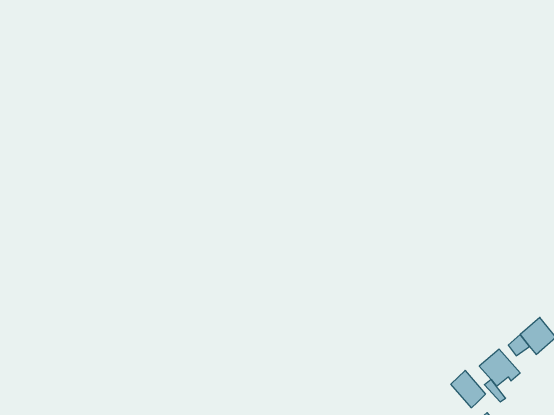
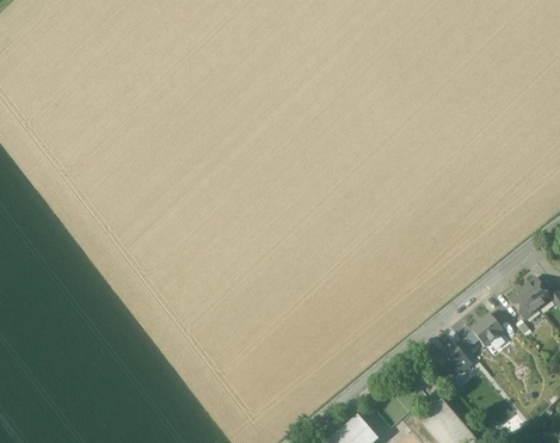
building: [451,370,485,408] -> none

